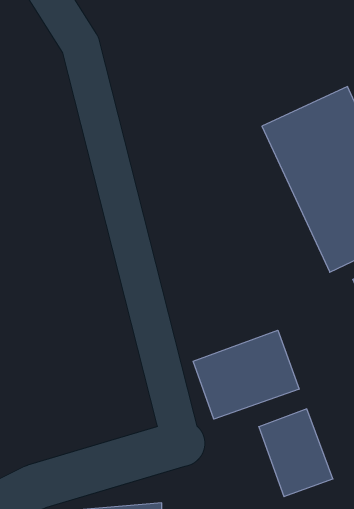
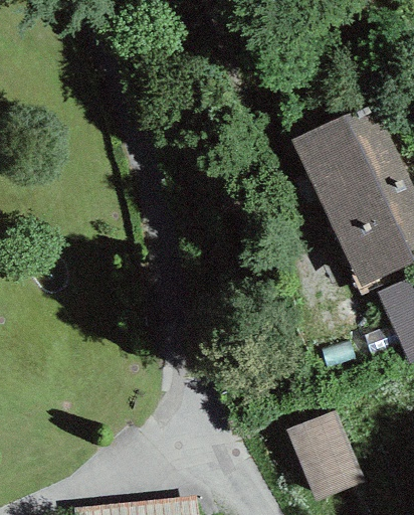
building: [193,330,299,419] -> none

